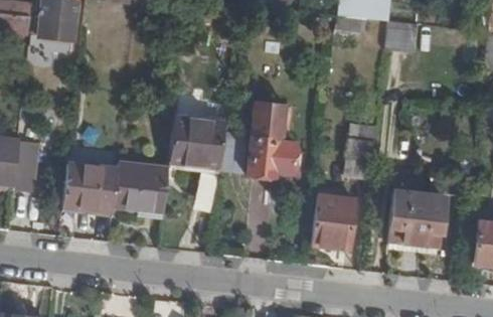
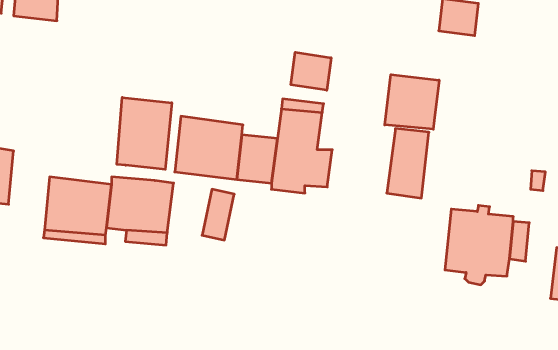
building: none -> [291,52,331,90]
building: none -> [385,75,439,129]
building: none -> [117,97,172,169]
building: [311,195,354,247] -> none

